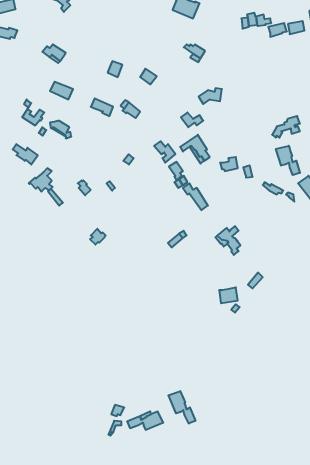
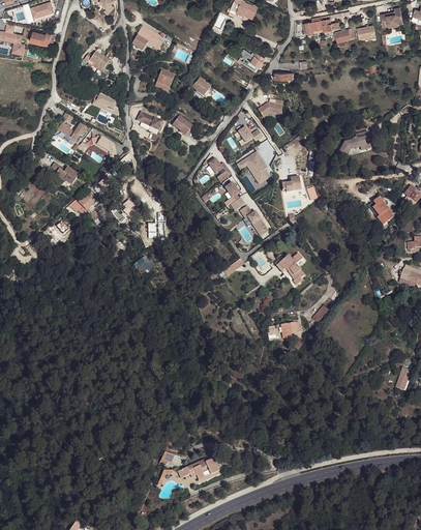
building: none -> [132,25,162,50]
building: [276,146,300,175] -> none
building: [168,391,195,424] -> none

